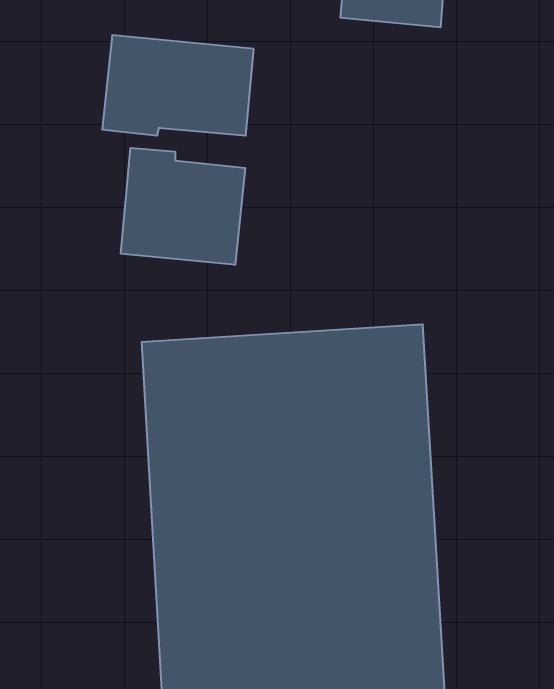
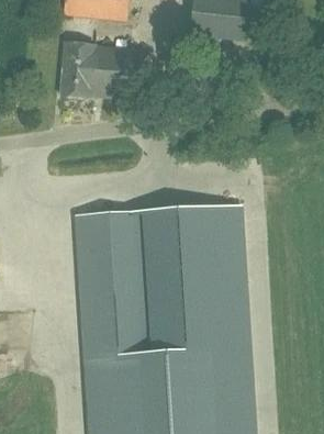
building: [121,148,245,265] -> none

